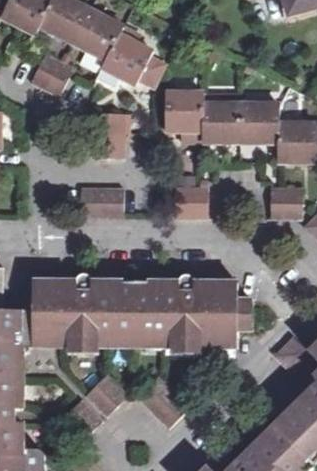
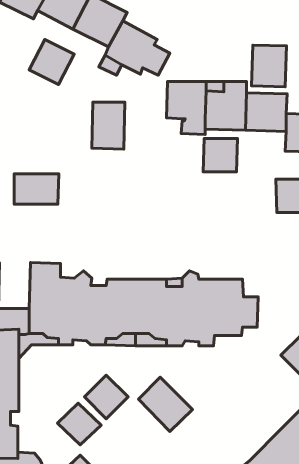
building: none -> [251,45,287,87]
building: [175,186,208,218] -> [203,139,237,172]
building: [80,188,123,217] -> [14,174,59,204]

